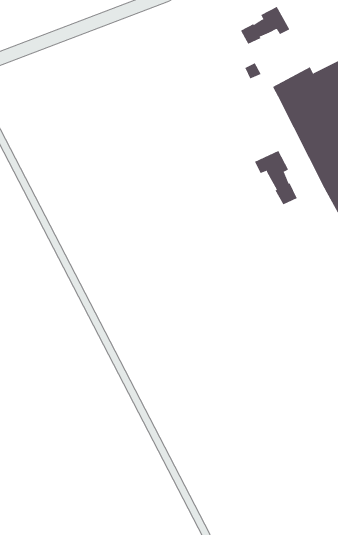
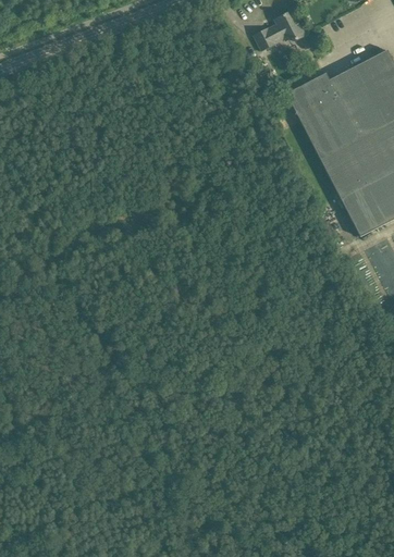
building: [254,150,297,205] -> none

